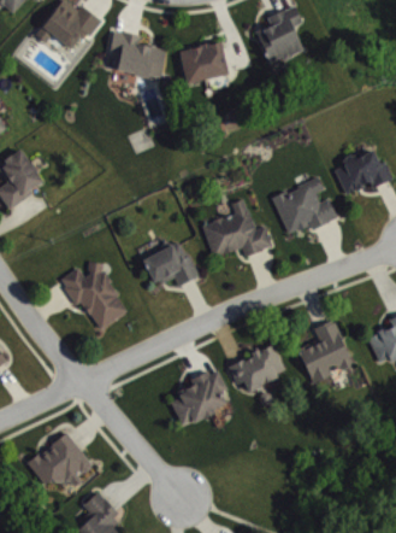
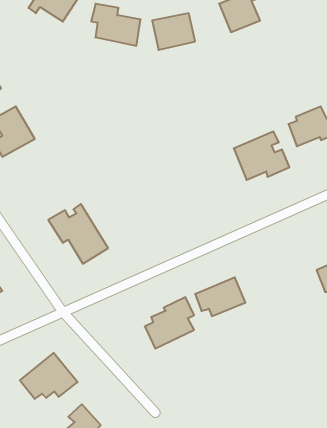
building: [202,200,272,258] -> none
building: [142,242,196,287] -> none
building: [297,321,351,383] -> none

